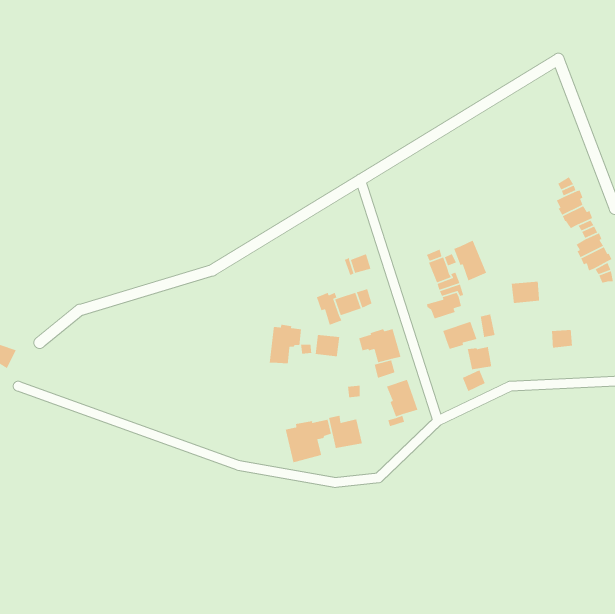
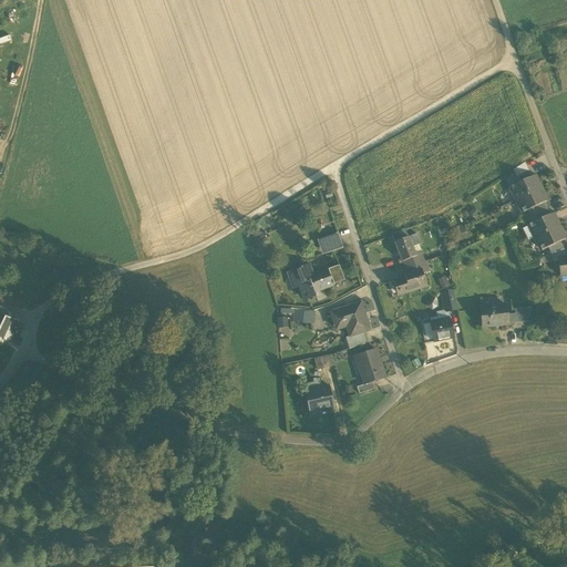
building: [453,240,487,282] -> none
building: [511,281,540,304] -> [481,303,507,324]
building: [442,321,477,350] -> none
building: [269,324,302,364] -> none
building: [285,419,332,463] -> none

